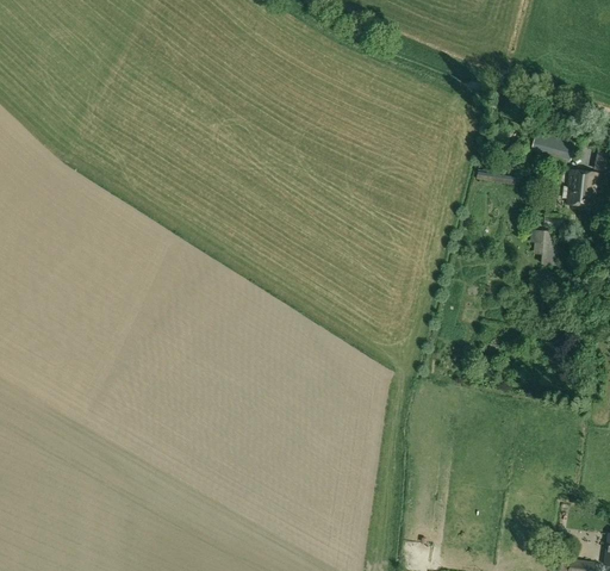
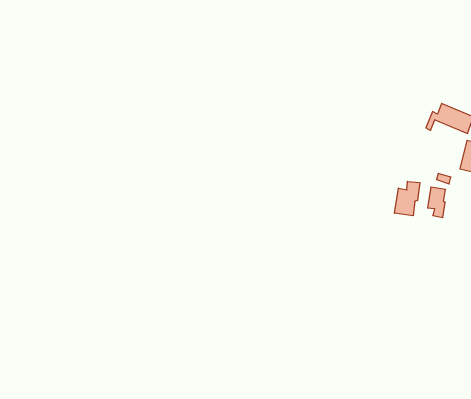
building: none -> [395,181,420,216]

